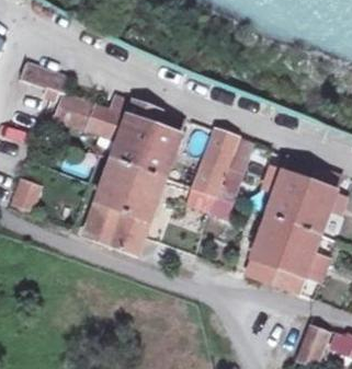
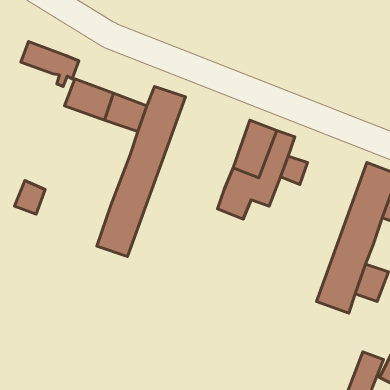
building: [110,111,185,256] -> none
building: [246,158,314,285] -> none

